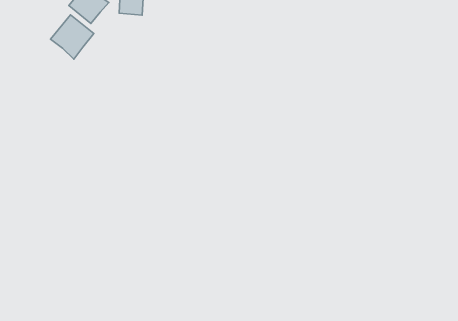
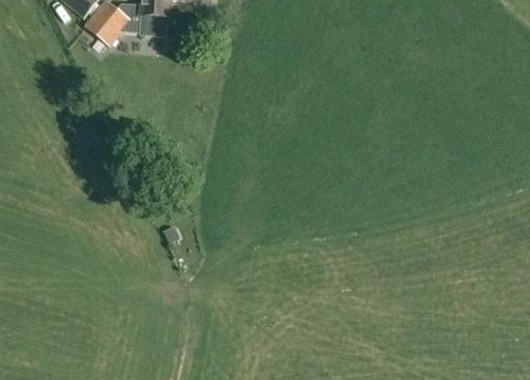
building: [51,15,94,59] -> none

